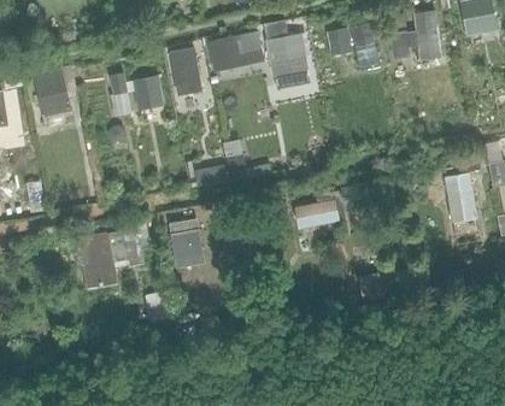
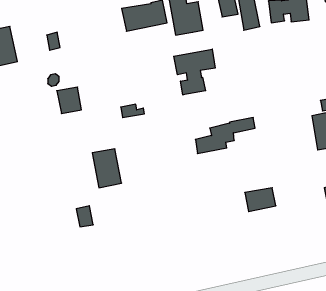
building: [170,45,201,93] -> none
building: [130,76,162,110] -> [57,87,81,114]
building: none -> [174,49,215,95]
building: [83,231,128,286] -> none

